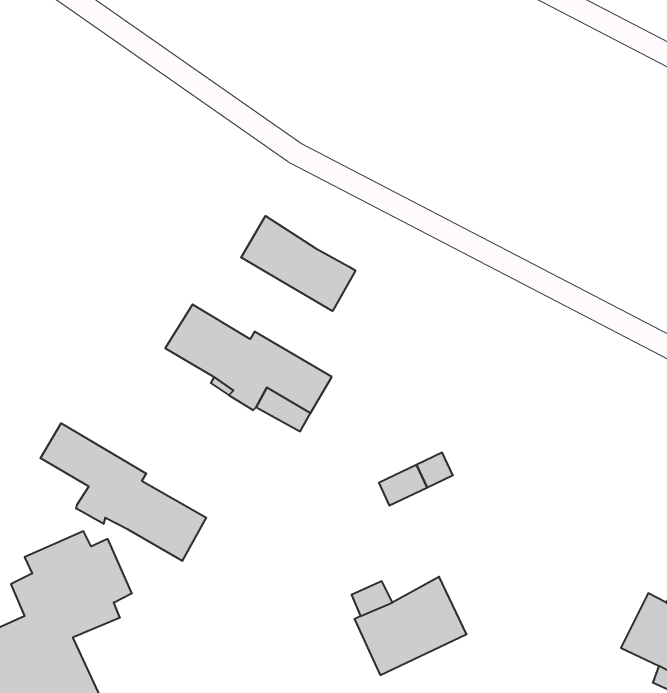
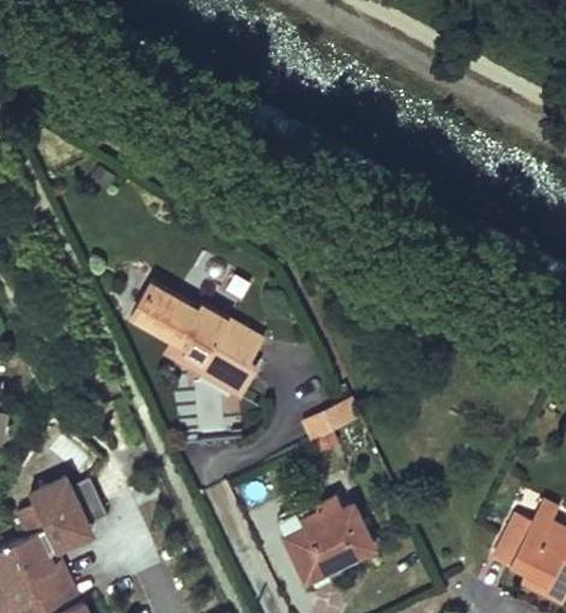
building: [241,216,355,311] -> none
building: [40,423,206,561] -> none

